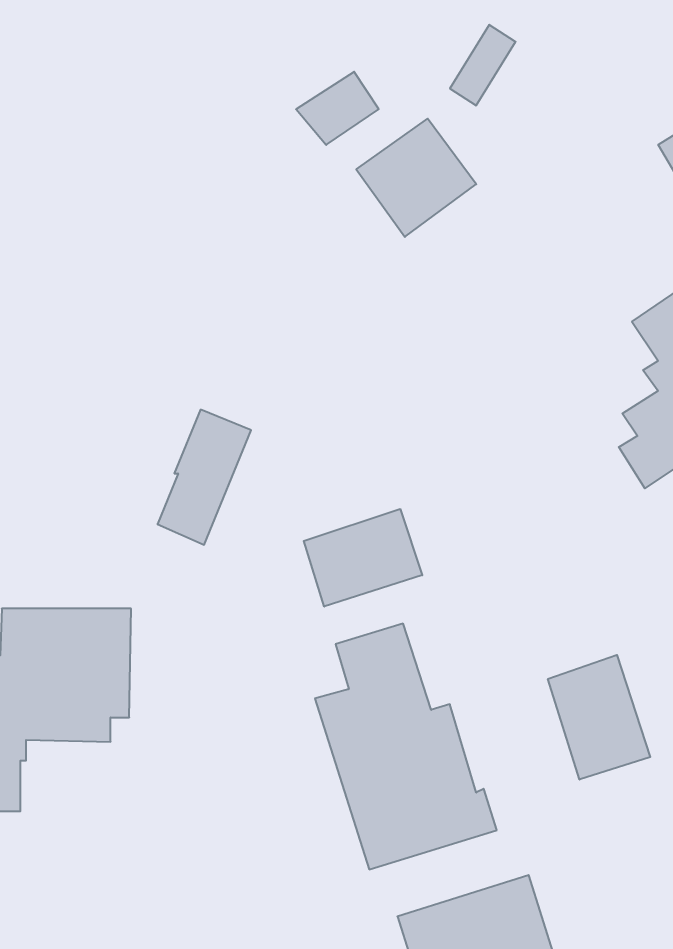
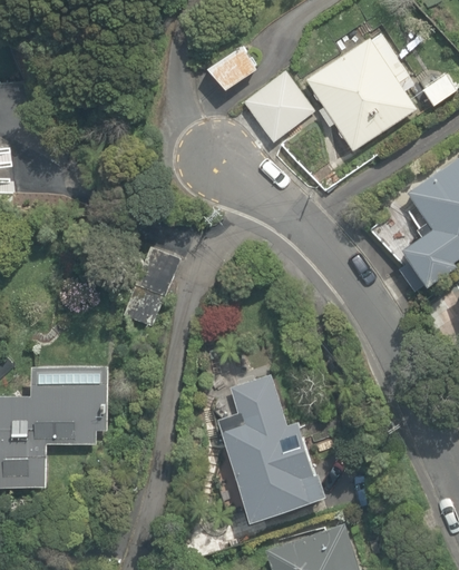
building: none -> [304,37,416,151]
building: [304,509,422,607] -> none
building: [548,655,650,780] -> none

